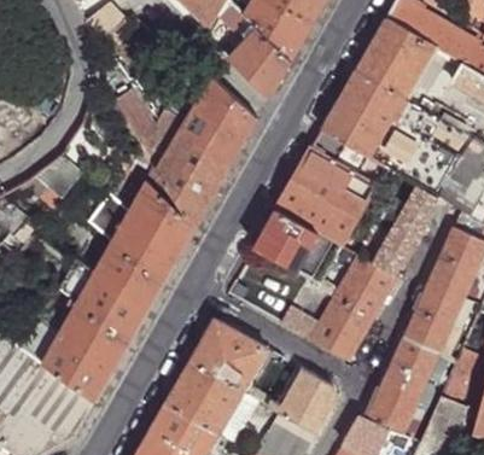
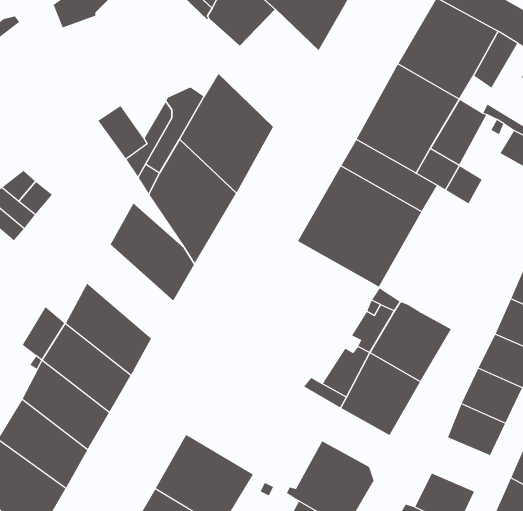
building: [231,28,292,97] -> none
building: [372,183,439,278] -> none
building: [251,209,333,284] -> none
building: [111,211,179,285] -> none
building: [188,319,264,391] -> none
building: [380,362,426,404] -> none

